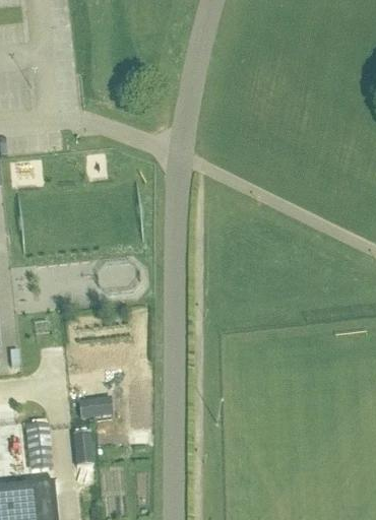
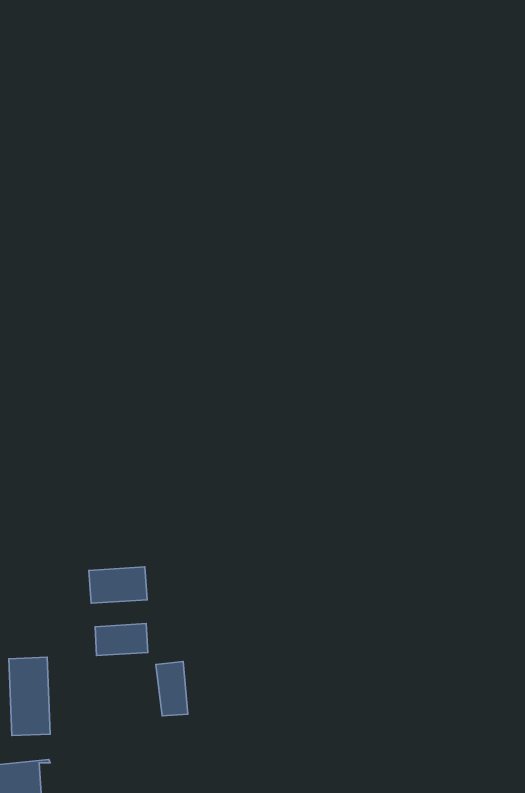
building: none -> [89,567,147,603]
building: [70,432,90,466] -> [156,661,188,716]

